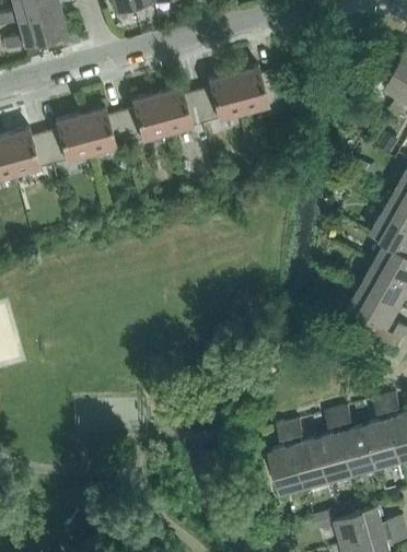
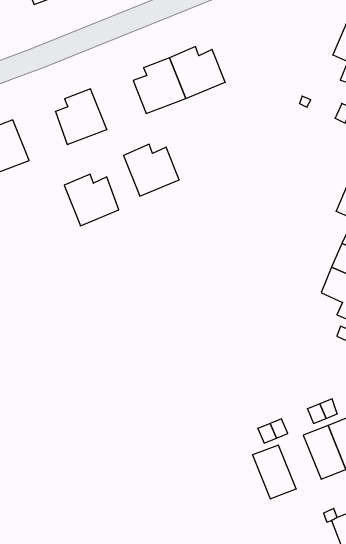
building: [155,87,205,134] -> [123,144,179,196]
building: [80,108,128,155] -> [64,174,119,226]
building: [293,438,329,488] -> none

